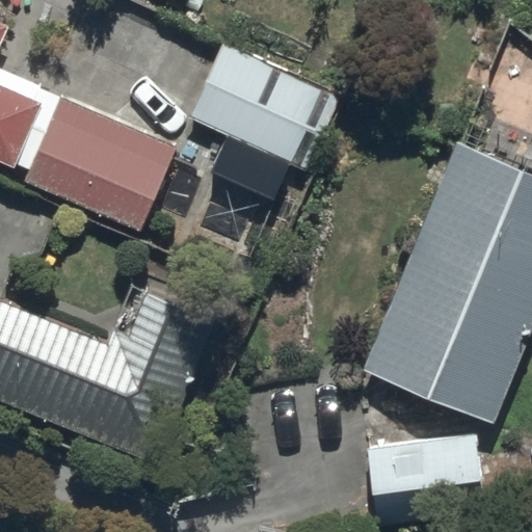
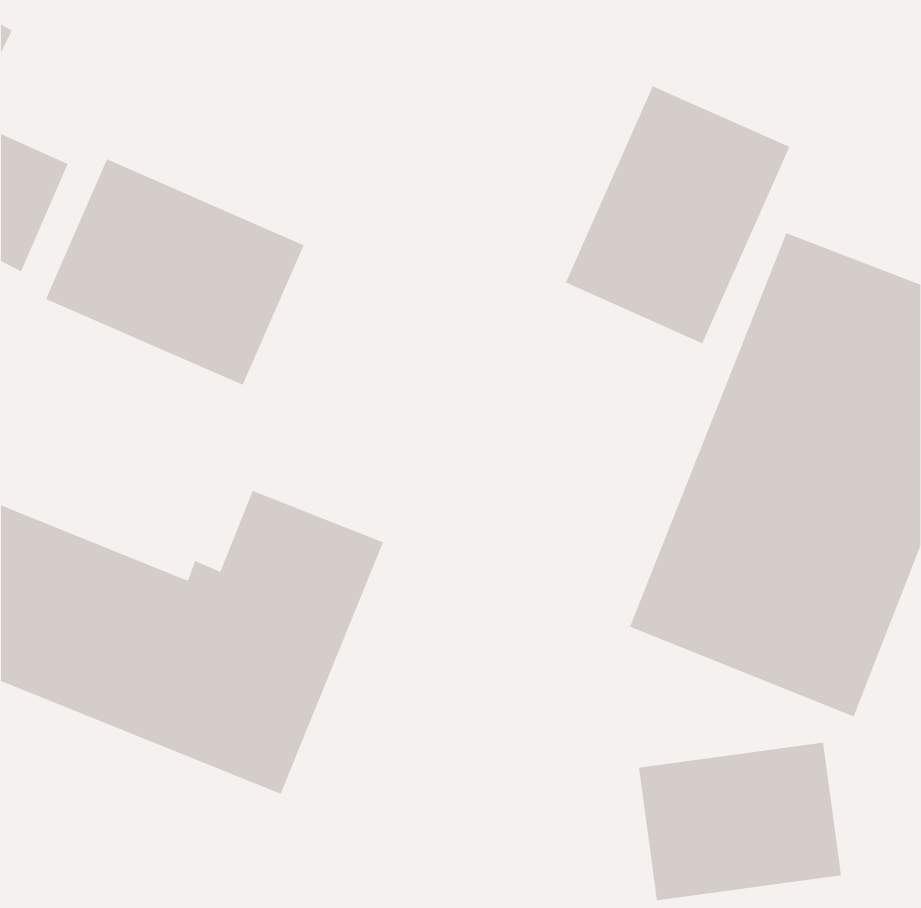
building: [192,48,342,170] -> none
building: none -> [565,86,790,344]

